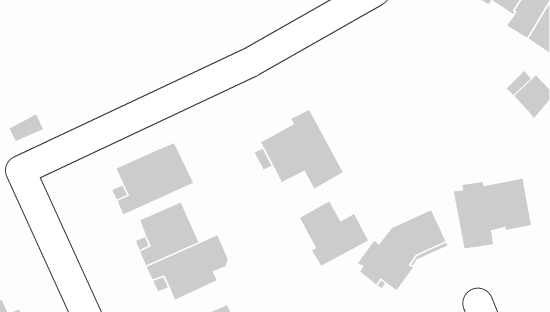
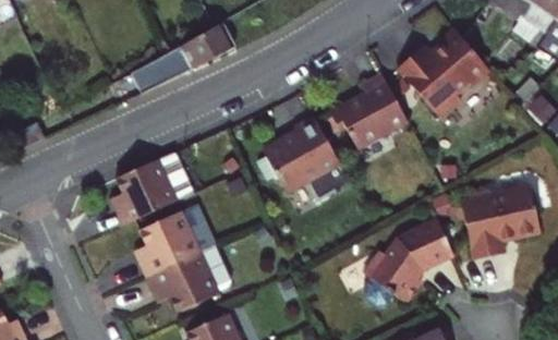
building: none -> [132,23,234,93]
building: none -> [395,26,488,117]
building: none -> [327,72,405,147]
building: [299,200,369,267] -> none

